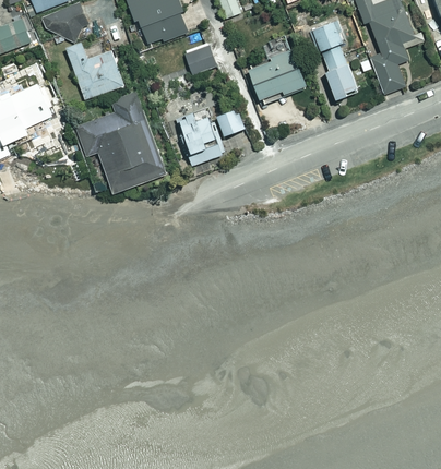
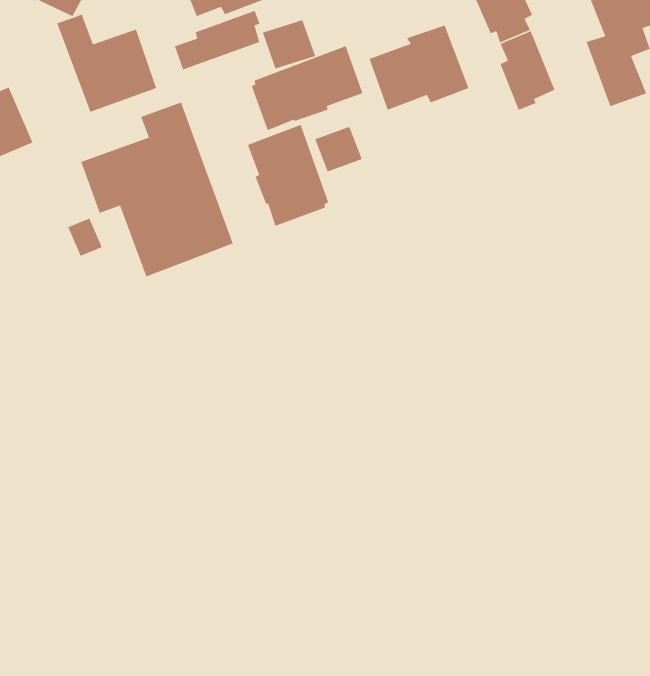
building: none -> [174,10,261,71]
building: none -> [251,45,363,131]

